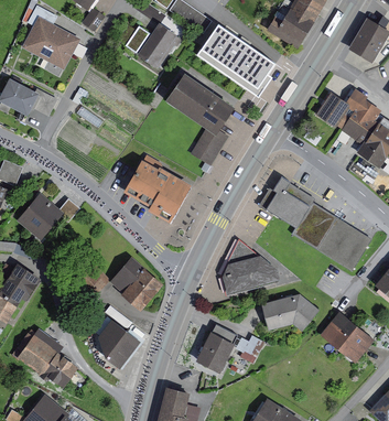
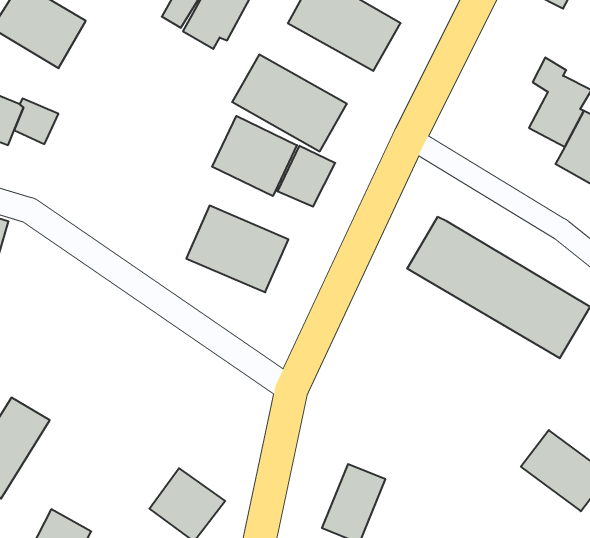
building: [315,91,355,129] -> none
building: none -> [212,116,297,196]
building: [18,194,57,236] -> none
building: [223,238,279,293] -> none
building: [109,259,161,310] -> none
building: [260,295,318,333] -> none

